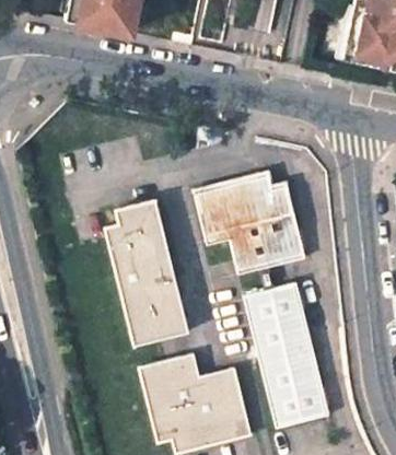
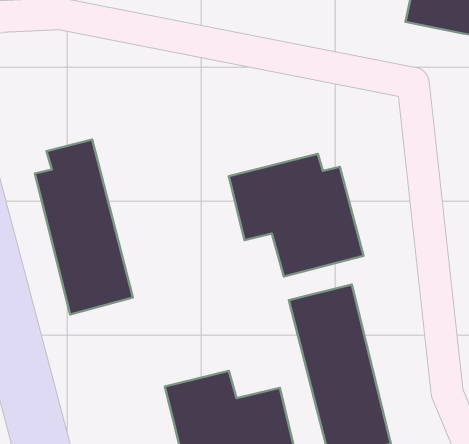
building: [107,199,189,346] -> [35,139,133,315]

